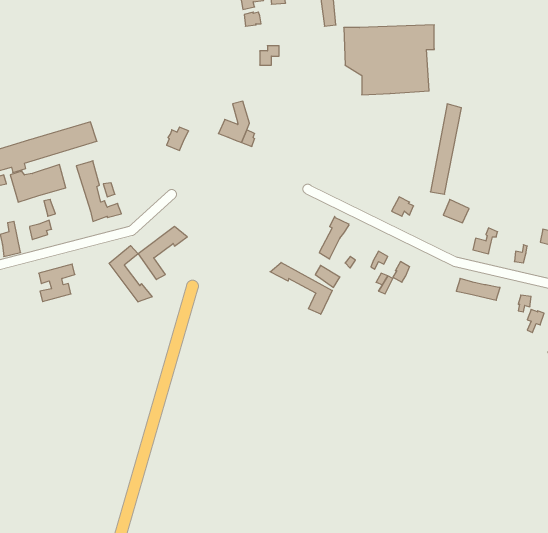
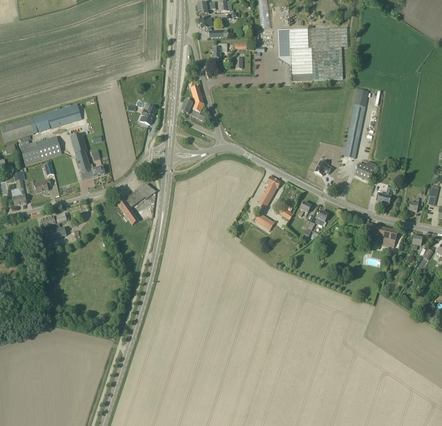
building: [109,246,152,302] -> none
building: [270,262,332,314] -> none

